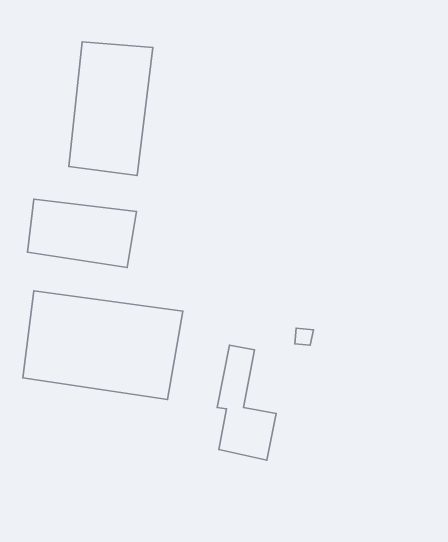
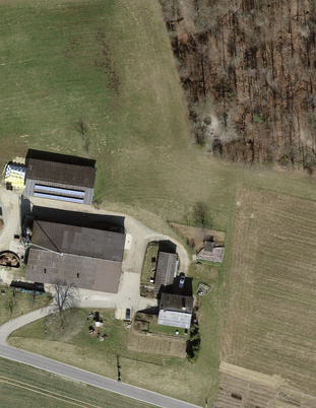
building: [69,42,153,176] -> none

